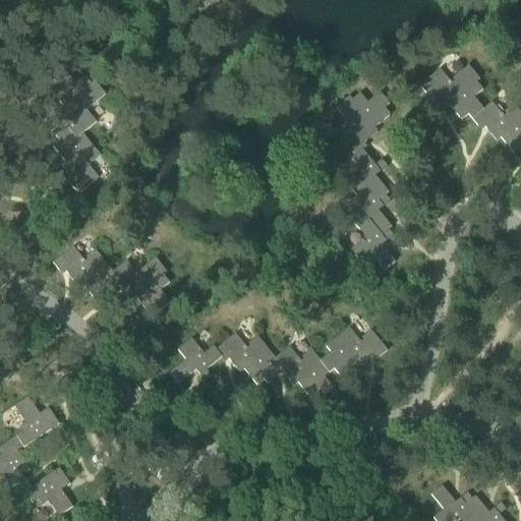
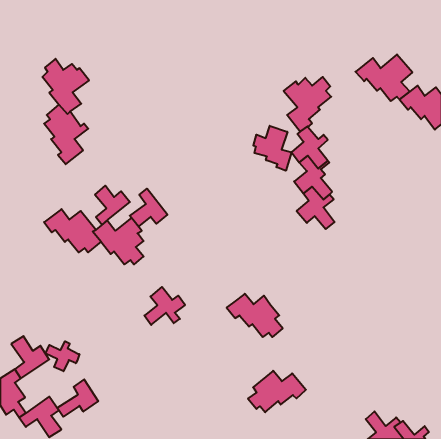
building: none -> [253,126,291,171]
building: none -> [95,186,130,225]
building: none -> [130,189,167,226]
building: [320,327,388,375] -> [248,371,306,412]
building: [211,331,278,384] -> none
building: none -> [46,341,79,371]
building: none -> [57,379,98,417]

